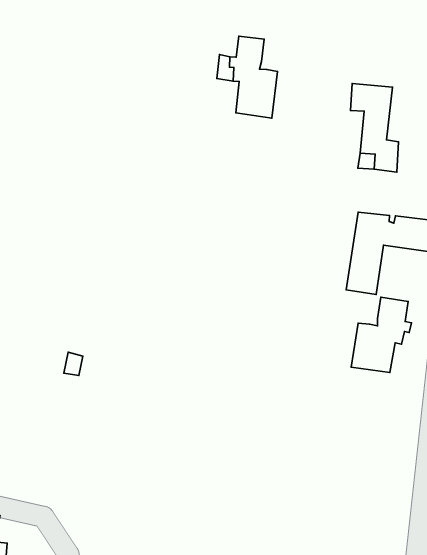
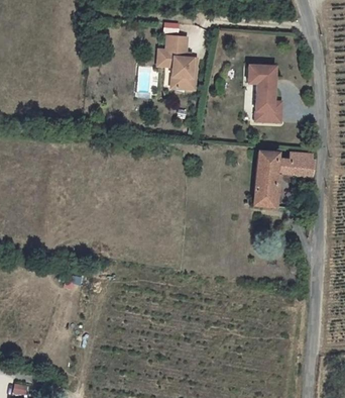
building: [351,297,411,373] -> none

